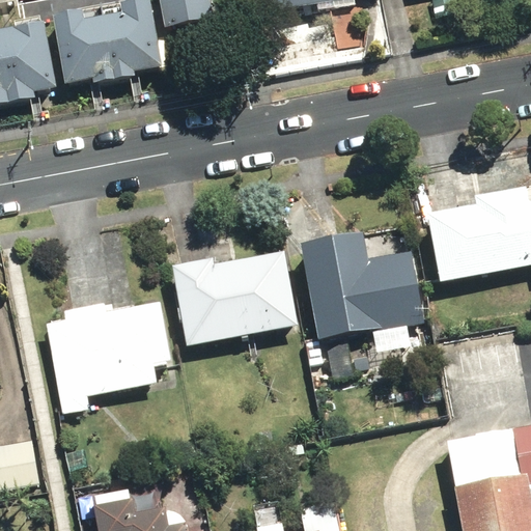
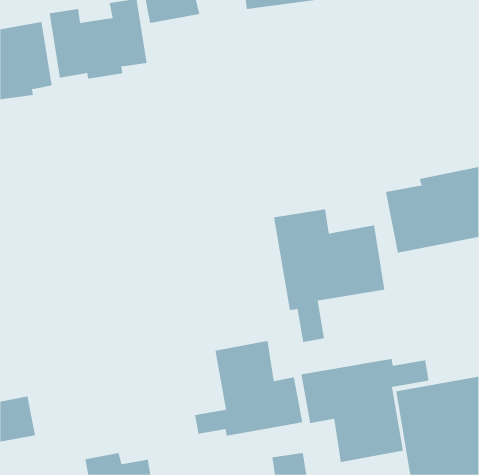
building: [170,250,301,344] -> none
building: [46,302,170,411] -> none
building: none -> [195,340,303,436]
building: none -> [301,358,429,463]

